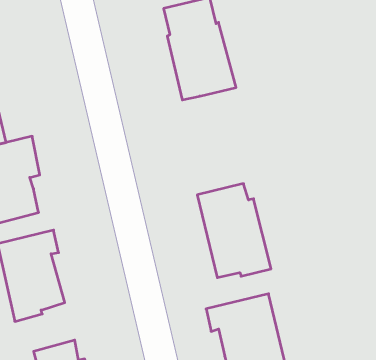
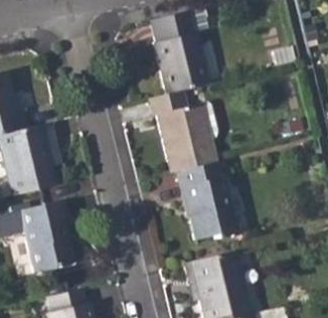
building: none -> [147,91,214,171]

